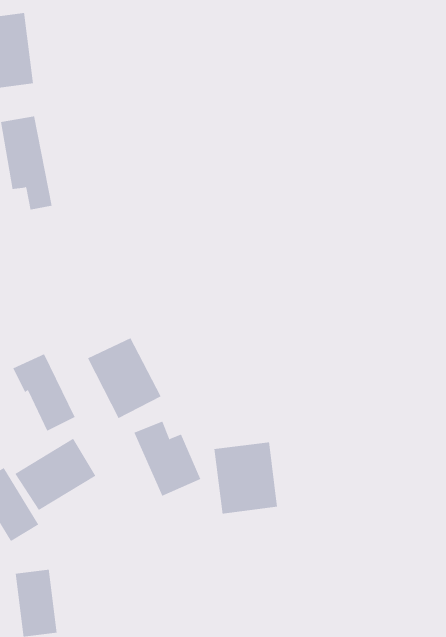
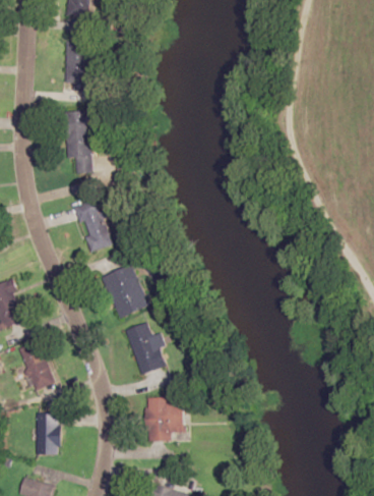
building: [12,353,76,432] -> [74,200,112,252]
building: [15,438,96,511] -> none
building: [214,442,278,514] -> [146,397,184,441]

